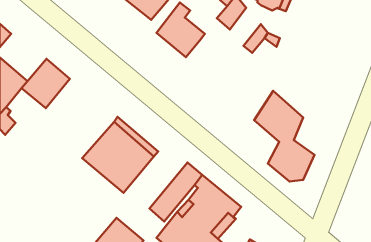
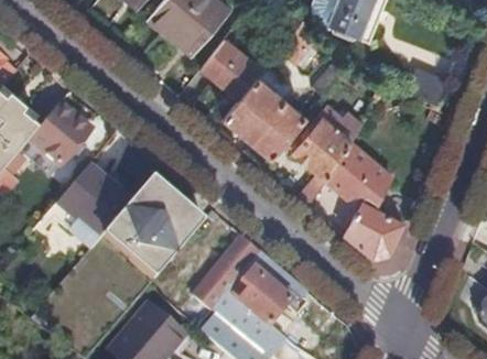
building: none -> [223,78,303,157]
building: none -> [292,106,360,206]
building: none -> [56,163,131,237]

